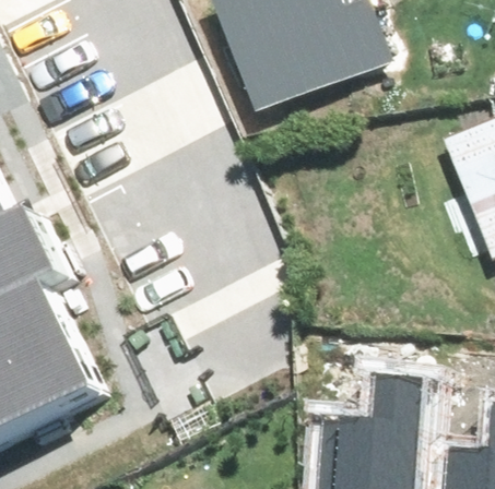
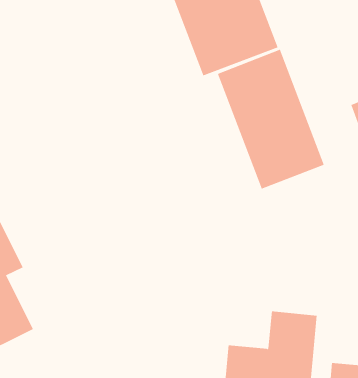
building: none -> [217,49,325,190]

